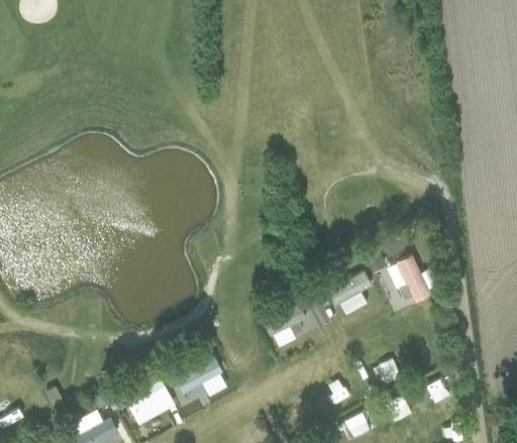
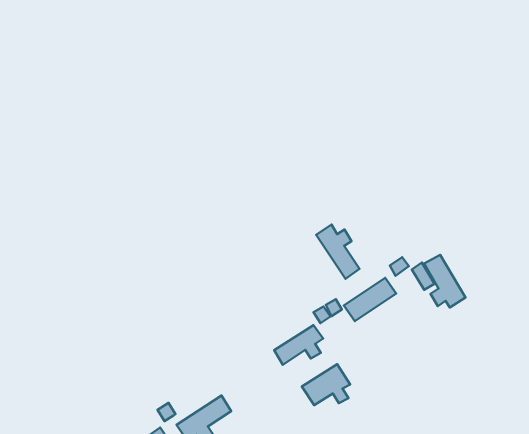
building: none -> [316,225,360,279]
building: none -> [302,364,350,405]

